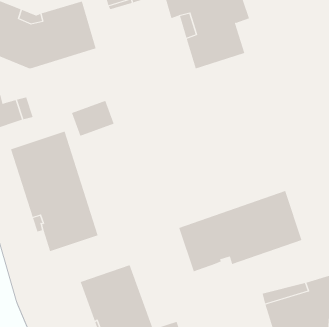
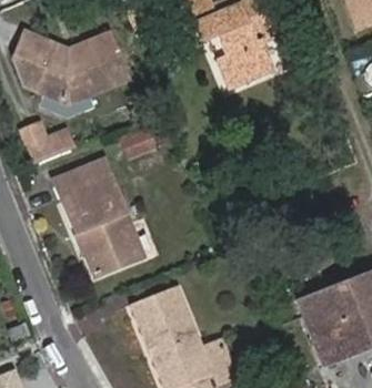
building: [179,190,302,272] -> none

